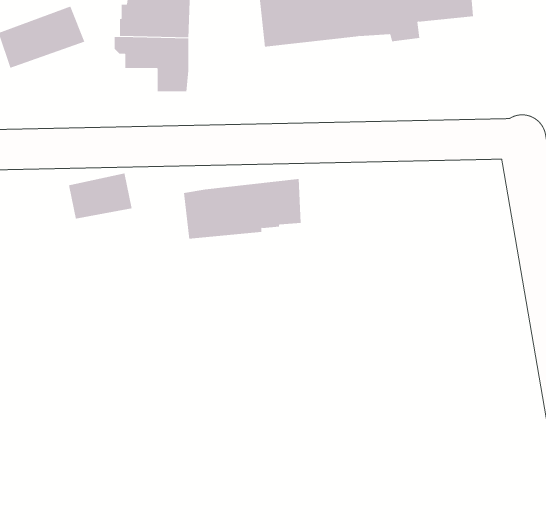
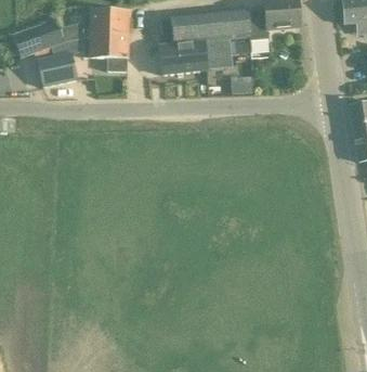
building: [68,173,132,219] -> [38,57,77,86]
building: [183,178,301,239] -> [160,37,232,74]

